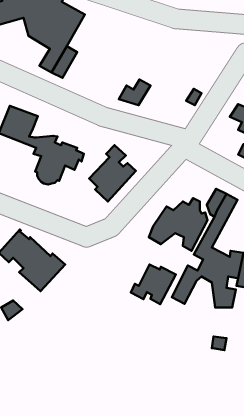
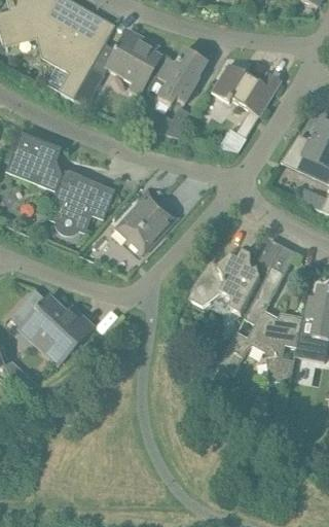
building: none -> [104,34,160,94]
building: none -> [156,49,206,105]
building: none -> [211,63,280,115]
building: [131,264,176,304] -> none

